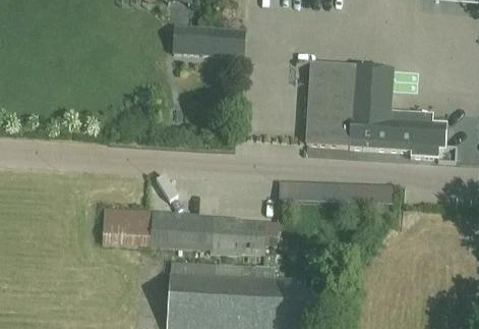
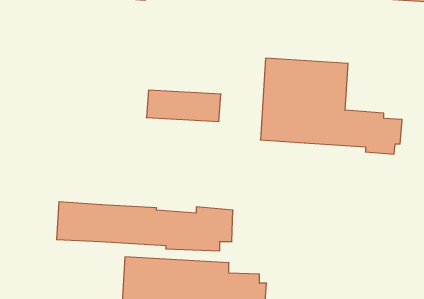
building: [173,23,247,55] -> [146,90,221,122]
building: [278,179,393,203] -> none

